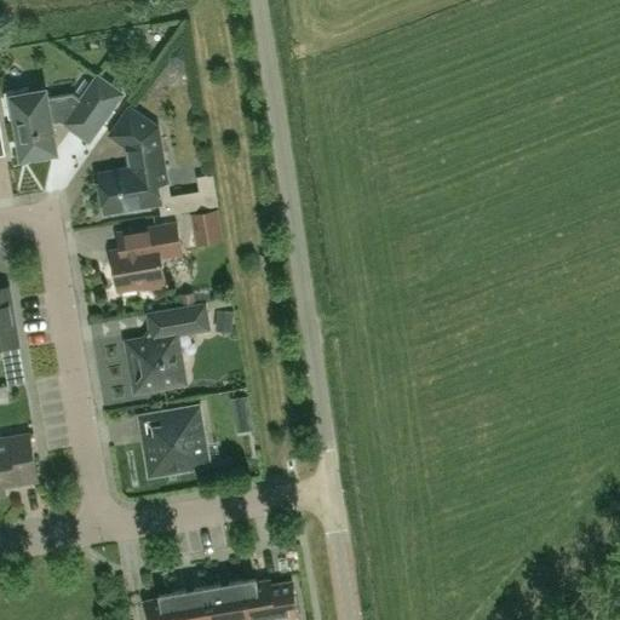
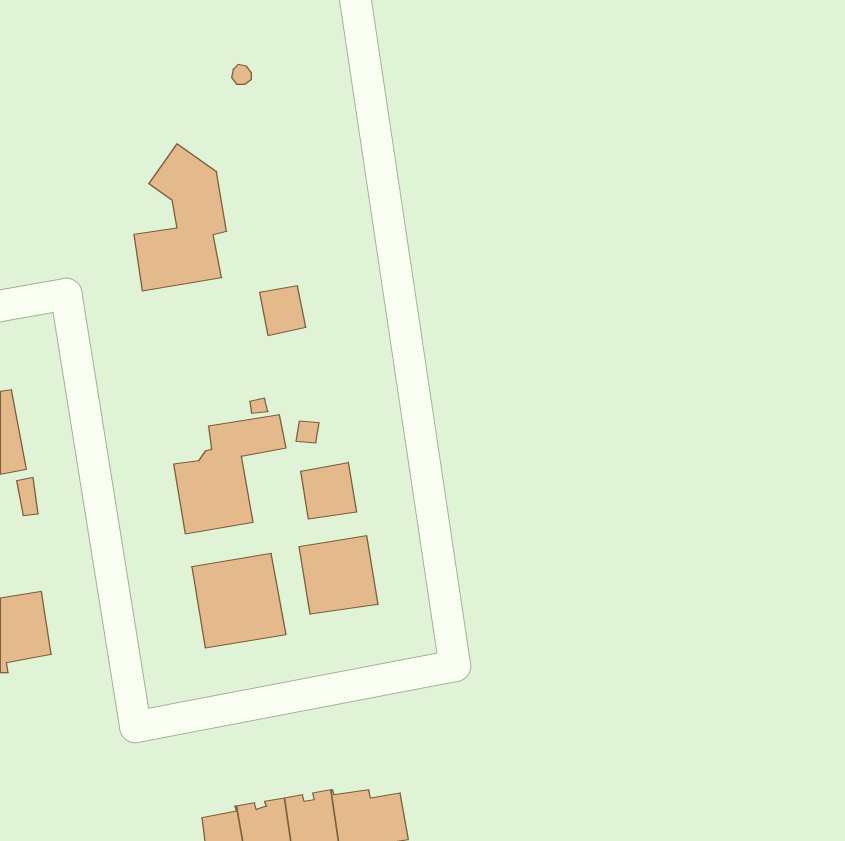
building: [5,79,122,160] -> none
building: [111,224,182,292] -> none
building: none -> [301,462,357,519]
building: none -> [299,536,378,614]

